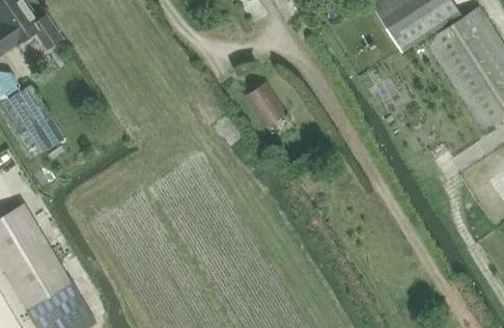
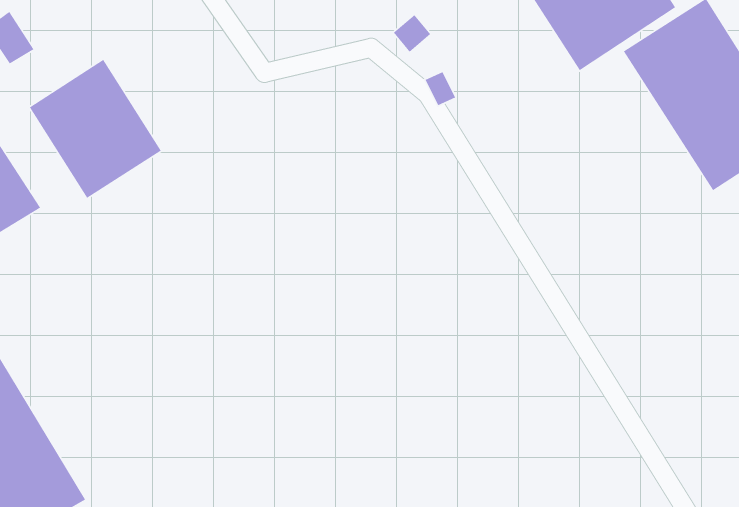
building: none -> [29,59,162,199]
building: [244,82,286,129] -> none

